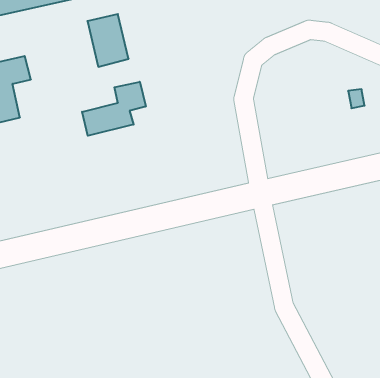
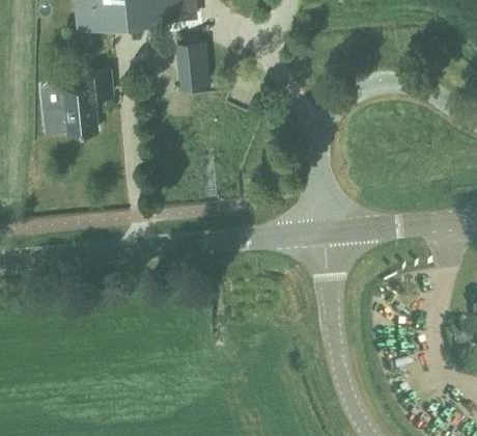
building: [82,82,146,136] -> none

